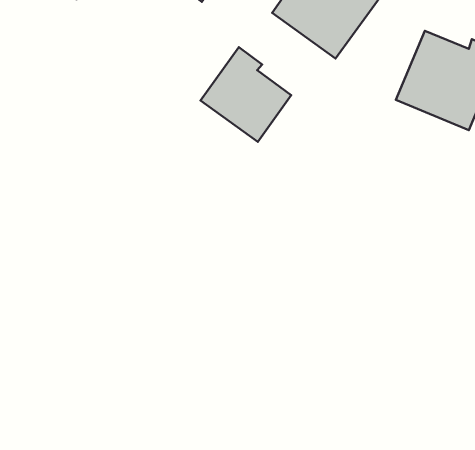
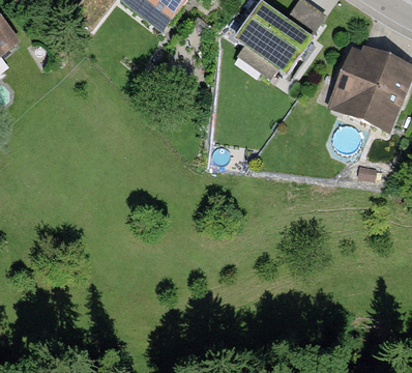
building: [201,47,291,142] -> none

